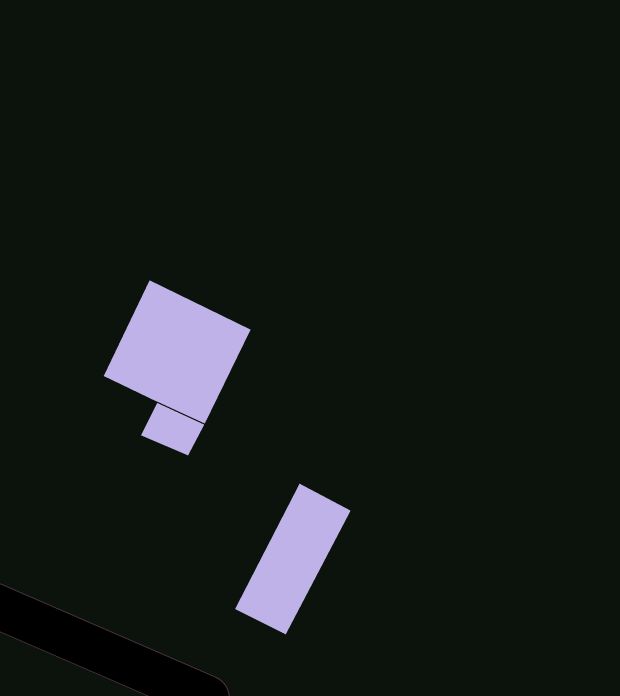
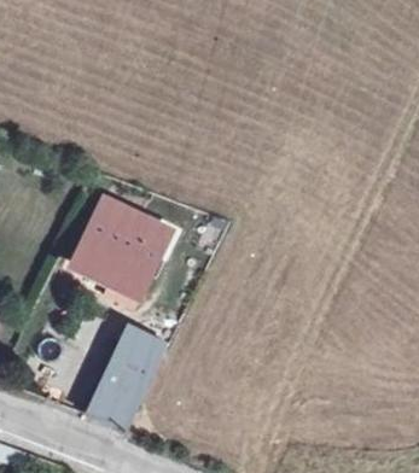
building: [234,483,351,635] -> [87,325,163,424]

